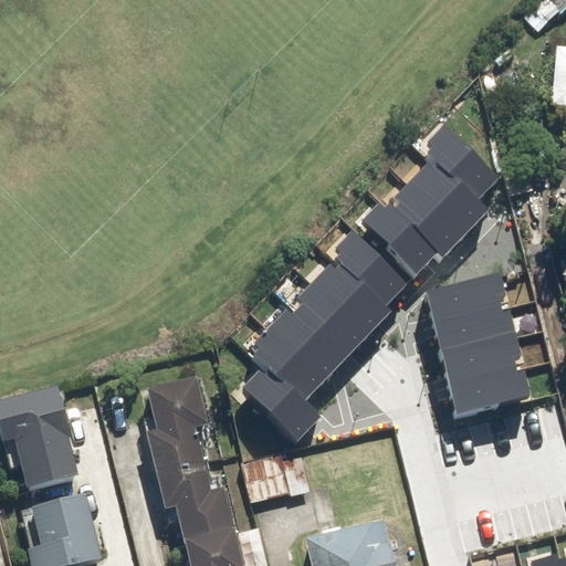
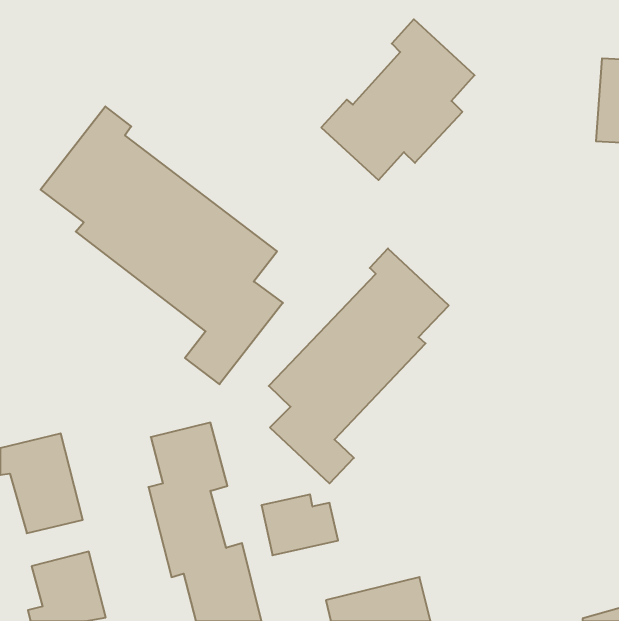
building: none -> [41,106,283,384]
building: [364,124,503,270] -> [321,19,475,180]
building: [431,276,530,409] -> none

